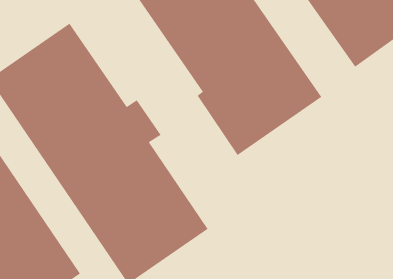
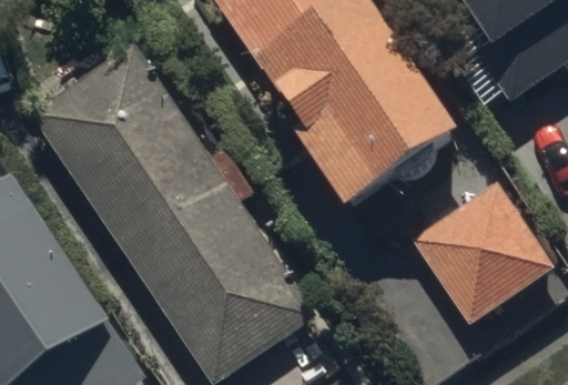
building: none -> [409,179,551,321]

